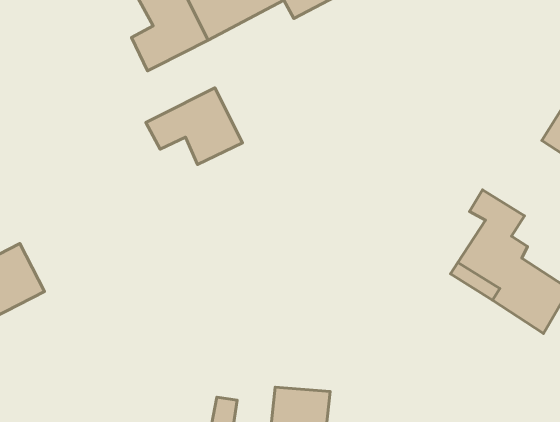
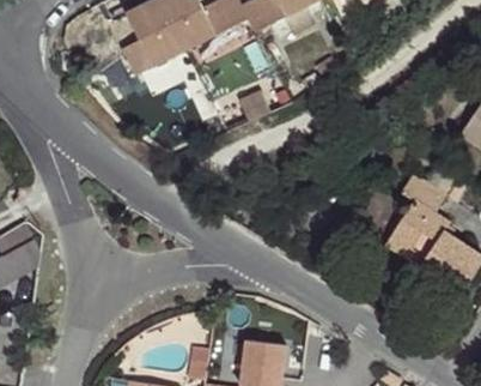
building: [146,88,242,165] -> none

